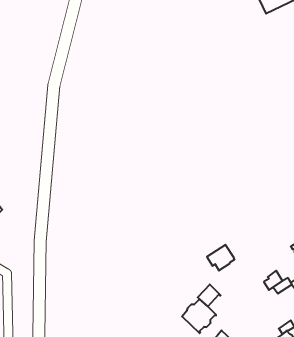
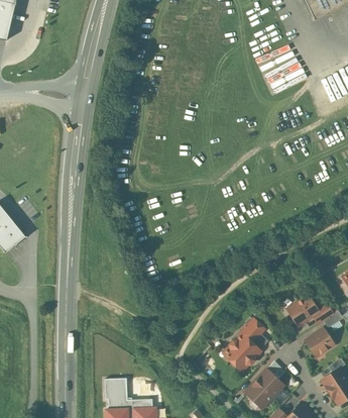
building: [207,245,235,271] -> [286,296,317,324]
building: none -> [304,328,333,354]

